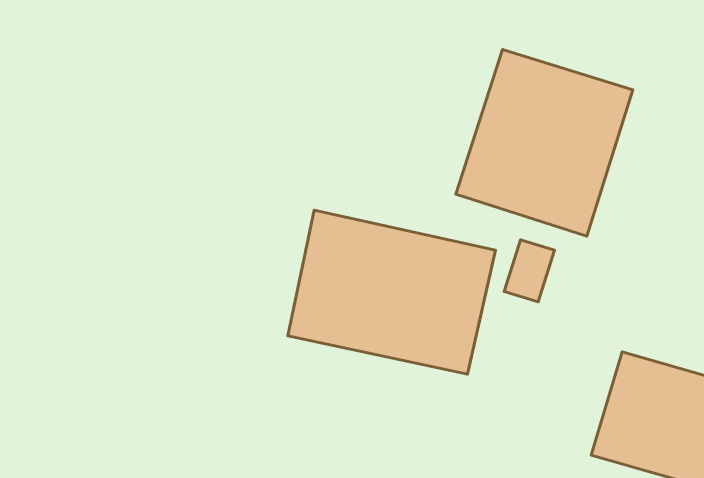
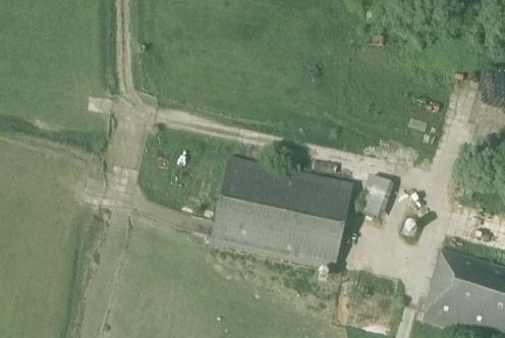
building: [456,49,633,236] -> none

